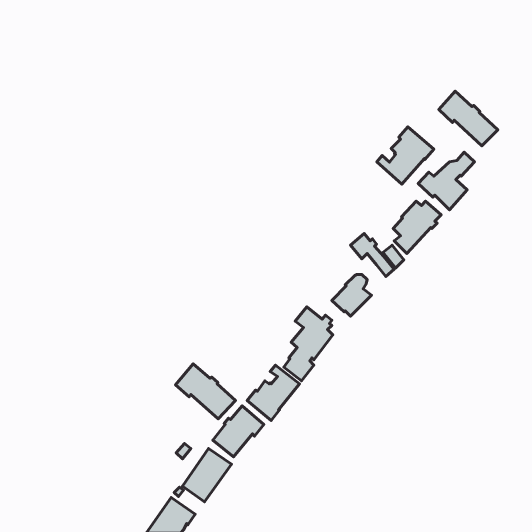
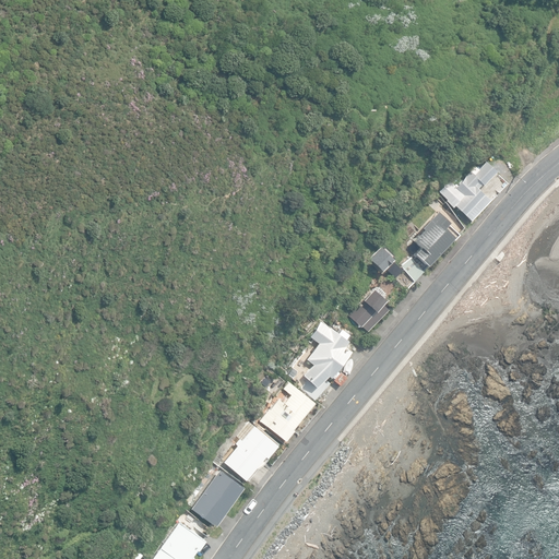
building: [439,91,498,146] -> none
building: [377,127,434,184] -> none
building: [175,364,236,419] -> none

